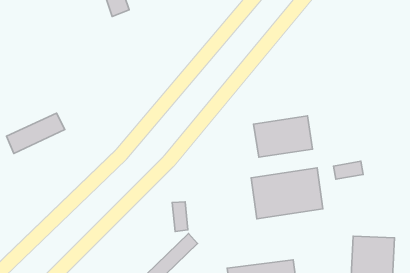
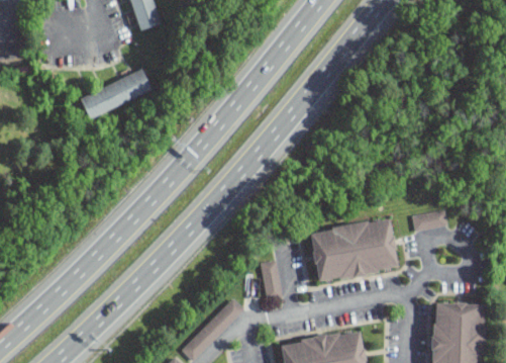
building: [6,113,65,153] -> [80,71,151,120]
building: [254,116,313,157] -> none
building: [172,202,188,231] -> [261,261,280,297]

